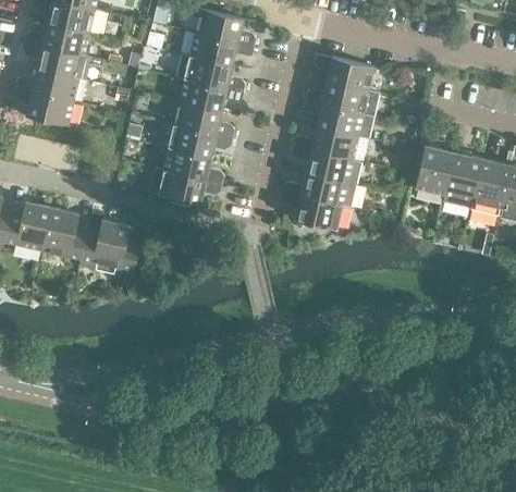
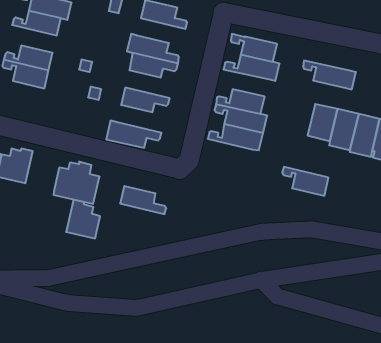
building: [189,33,254,65] -> none
building: [23,41,90,79] -> none
building: [303,100,372,138] -> [303,61,356,89]
building: [174,101,235,138] -> none
building: [163,147,224,184] -> [120,186,166,214]
building: [281,192,342,230] -> [282,167,328,196]
building: [42,208,87,259] -> [66,200,100,238]

